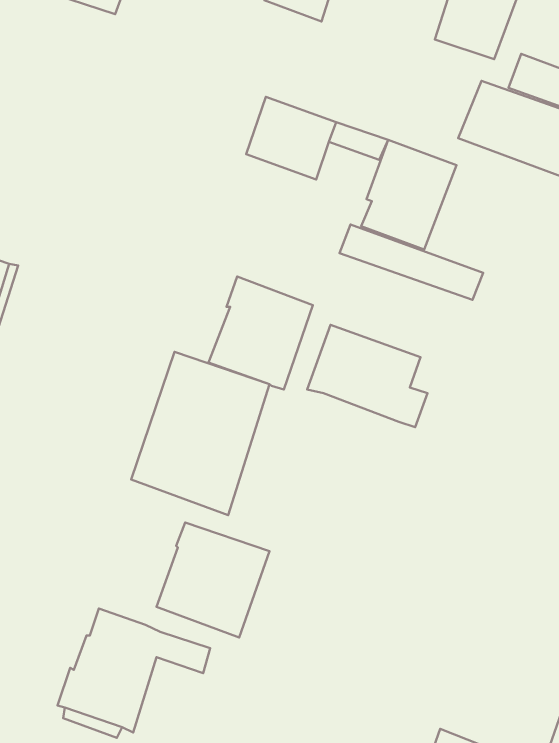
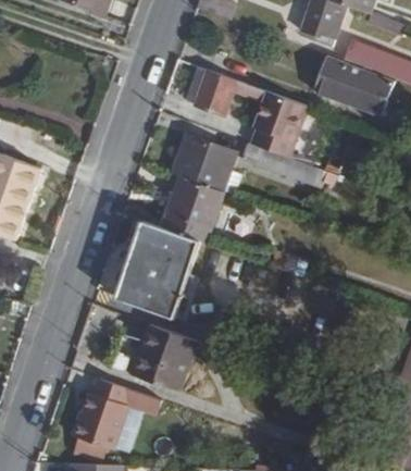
building: [307,325,428,427] -> [170,133,242,195]

